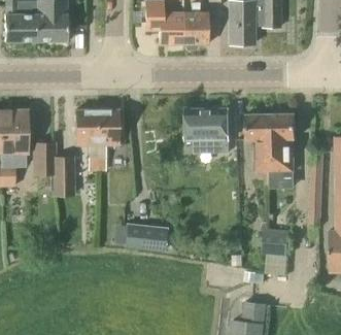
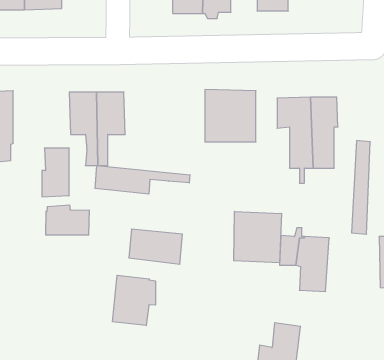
building: [32,142,56,174] -> none
building: none -> [95,166,190,194]
building: none -> [46,205,89,235]
building: none -> [234,211,282,263]
building: none -> [113,275,155,326]

